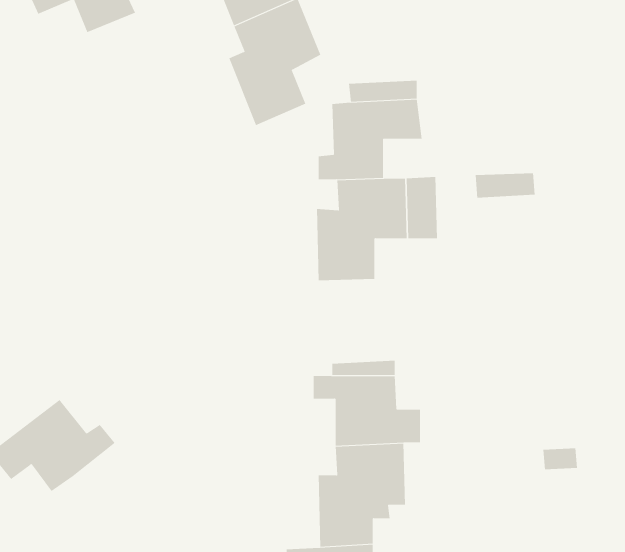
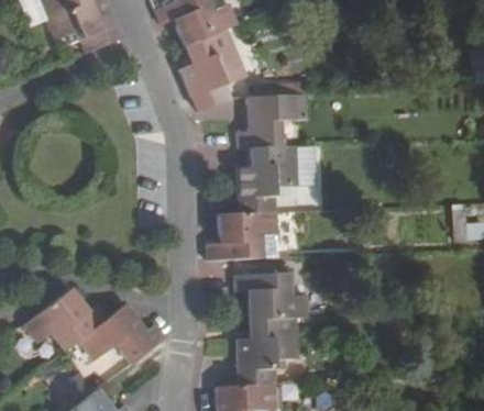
building: none -> [208,212,276,259]
building: none -> [79,306,164,365]

